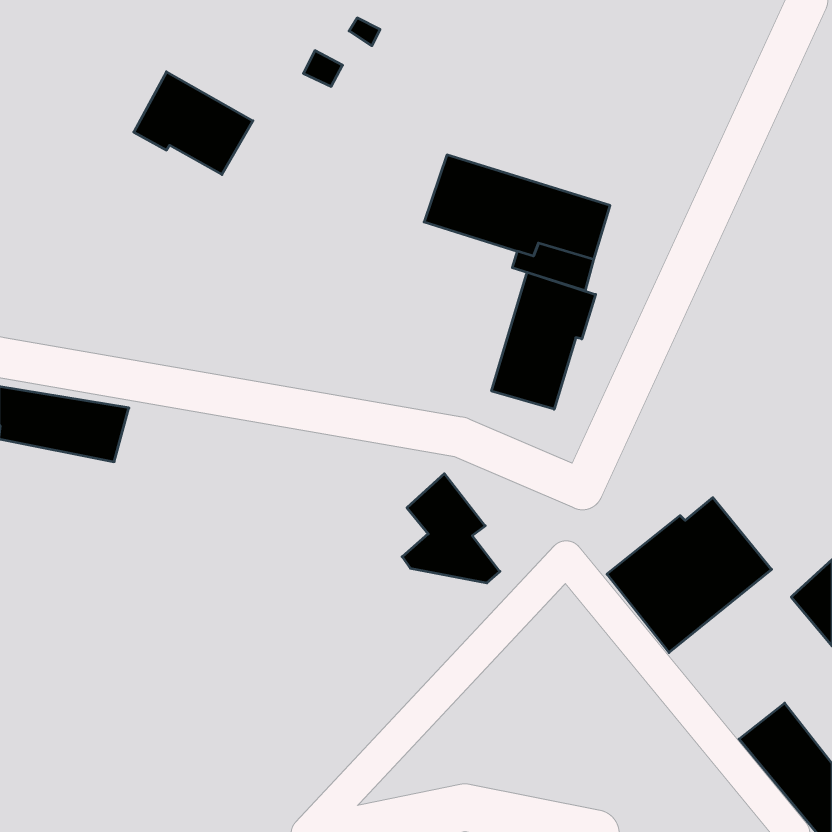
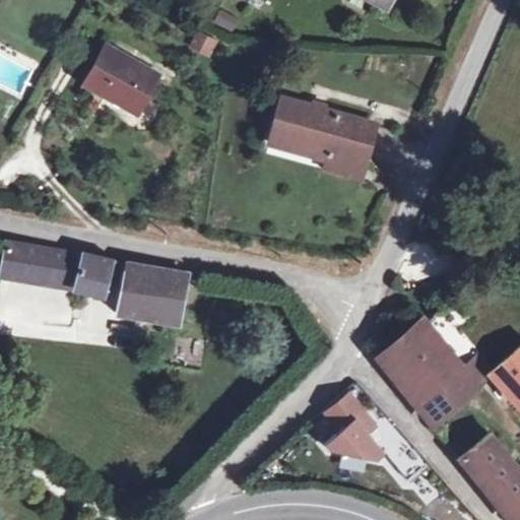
building: [492,272,596,409] -> none
building: none -> [71,255,185,322]
building: [402,474,500,583] -> [322,393,383,461]
building: none -> [416,355,494,422]

